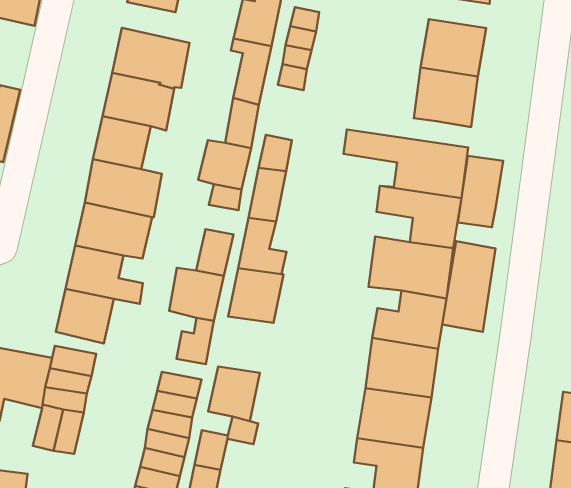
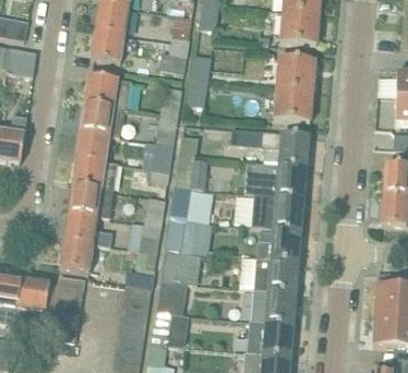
building: [458,156,503,227] -> none
building: [442,241,496,332] -> none
building: none -> [161,249,201,284]

